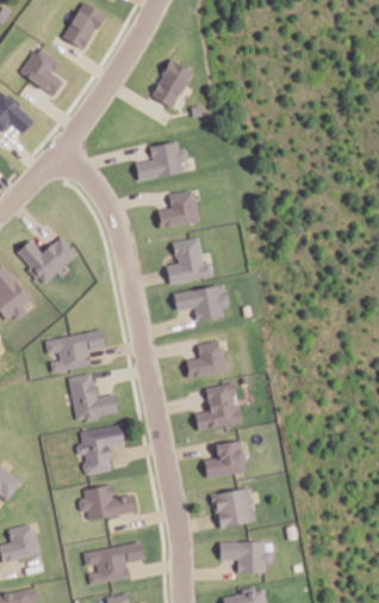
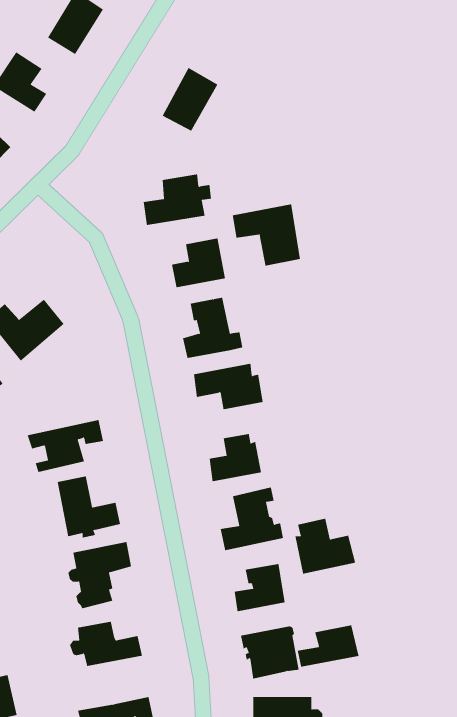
building: none -> [232,203,300,266]
building: none -> [295,518,356,575]
building: none -> [297,625,359,668]

